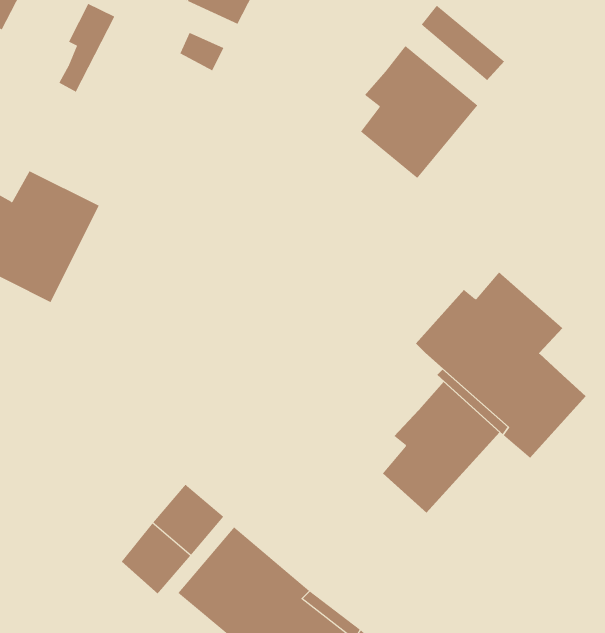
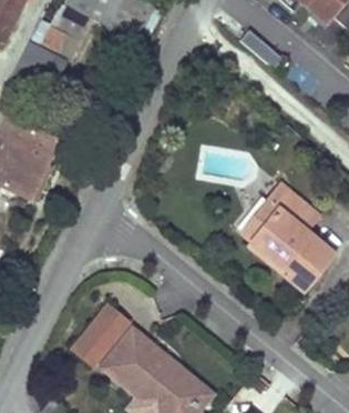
building: [360,45,478,179] -> none
building: [382,381,500,513] -> none

